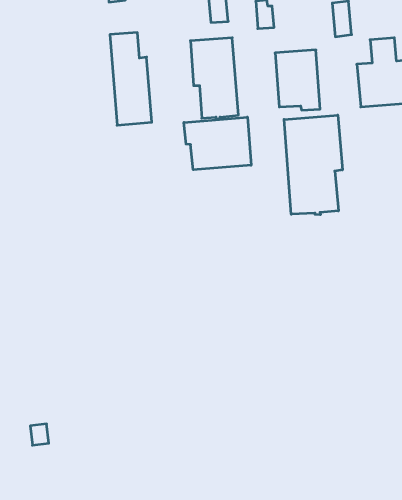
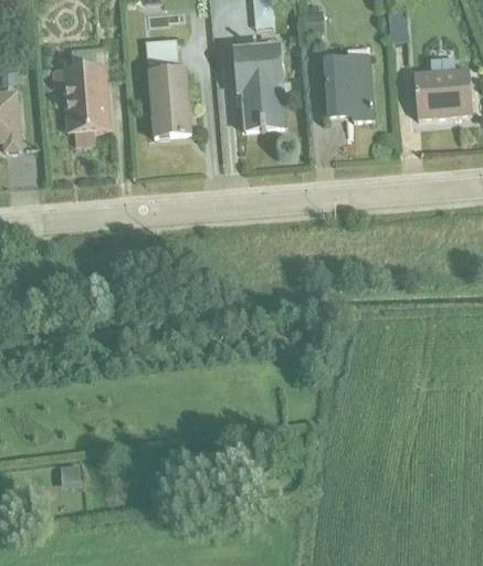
building: none -> [51,44,108,144]
building: [284,115,342,215] -> none
building: [184,117,251,170] -> none

